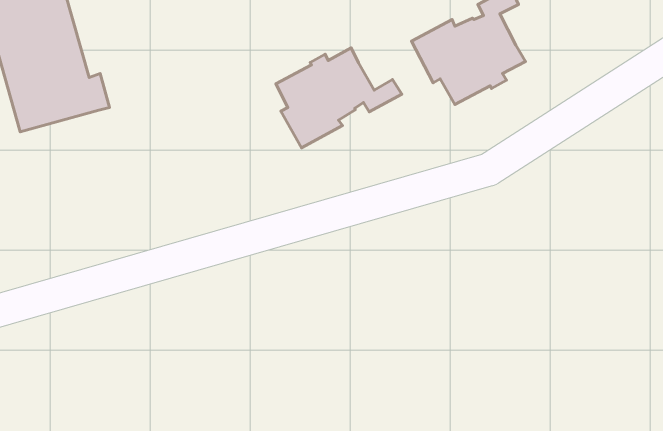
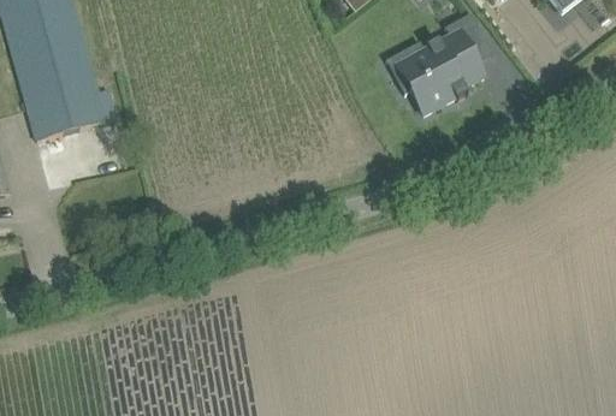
building: [276,48,402,148] -> none

